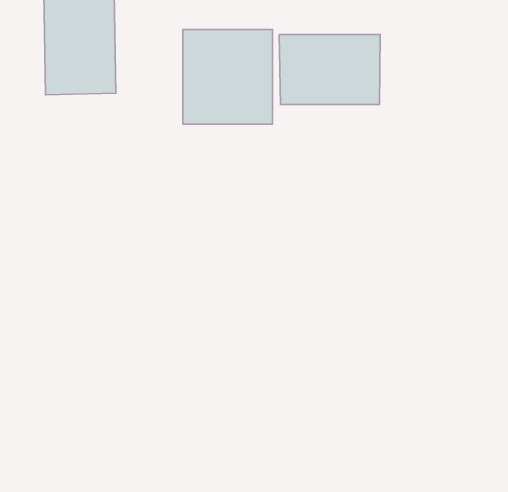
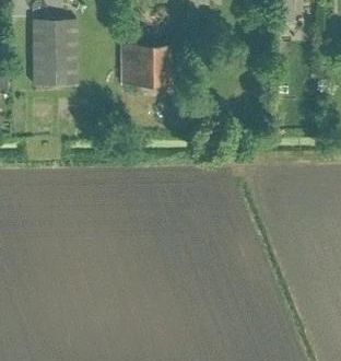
building: [279,34,380,105] -> none

